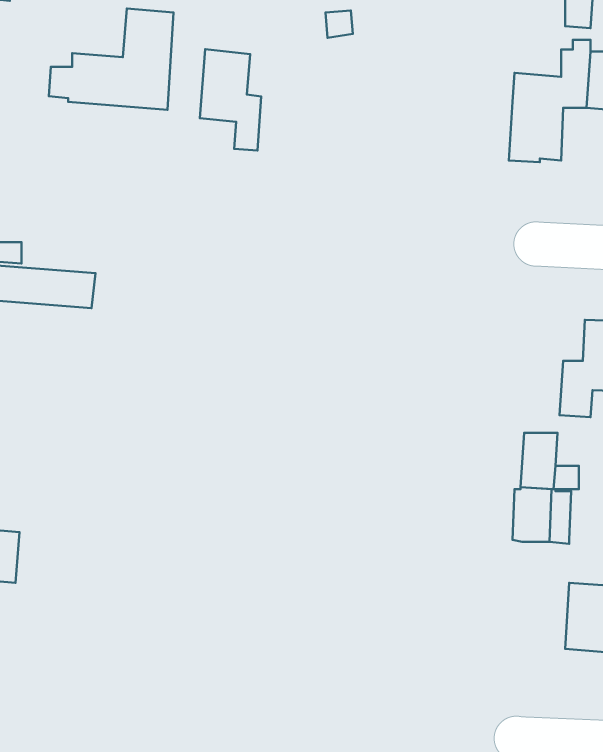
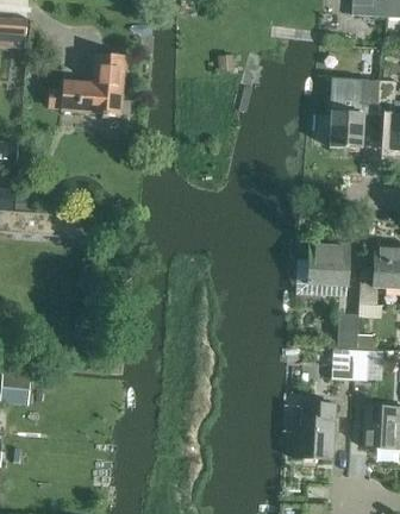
building: [200,49,261,150] -> none
building: none -> [295,242,349,284]
building: none -> [290,401,335,458]

